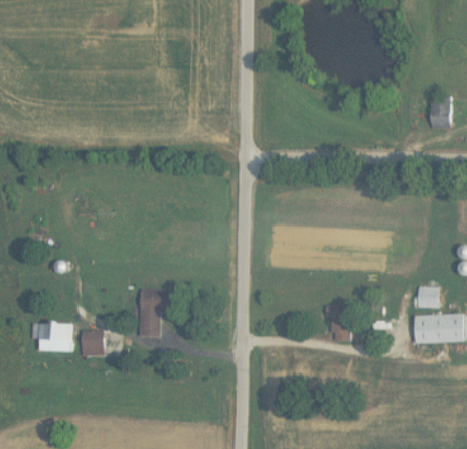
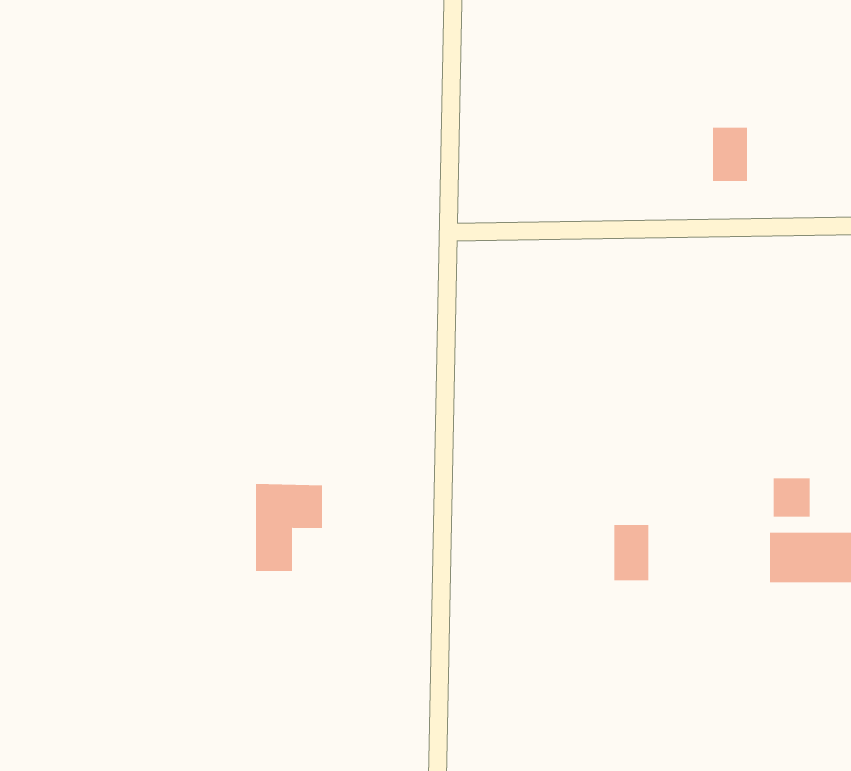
building: [431,98,450,127] -> [712,127,748,181]
building: [36,322,72,351] -> none
building: [81,332,102,354] -> none

